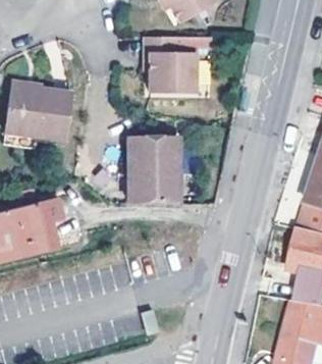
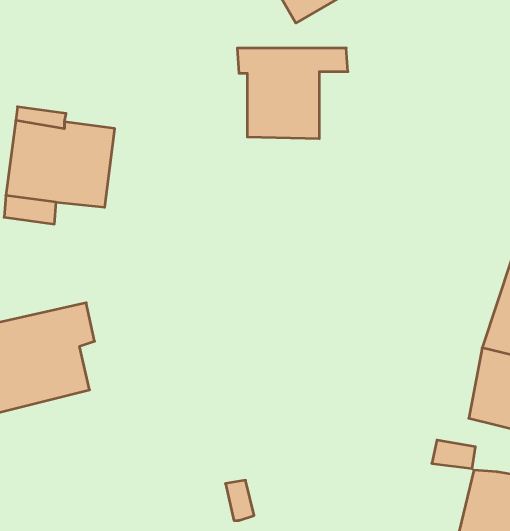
building: [127,136,180,203] -> none

